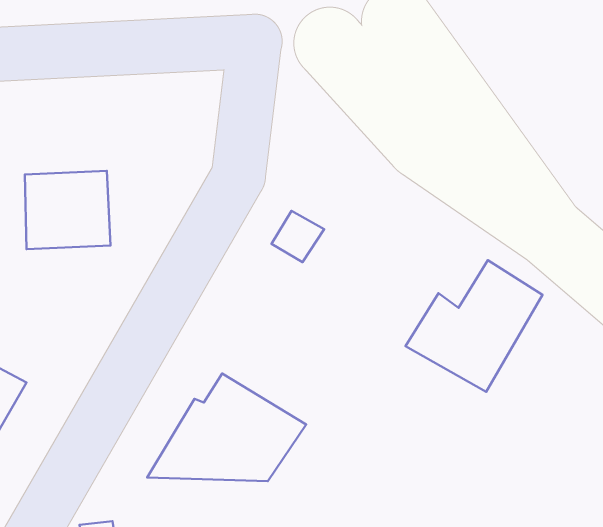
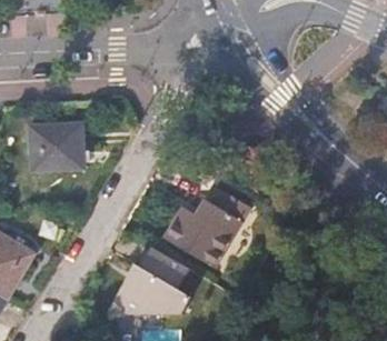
building: [406,260,543,392] -> [166,184,249,264]

